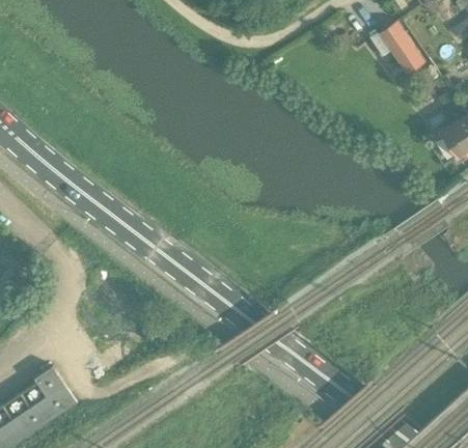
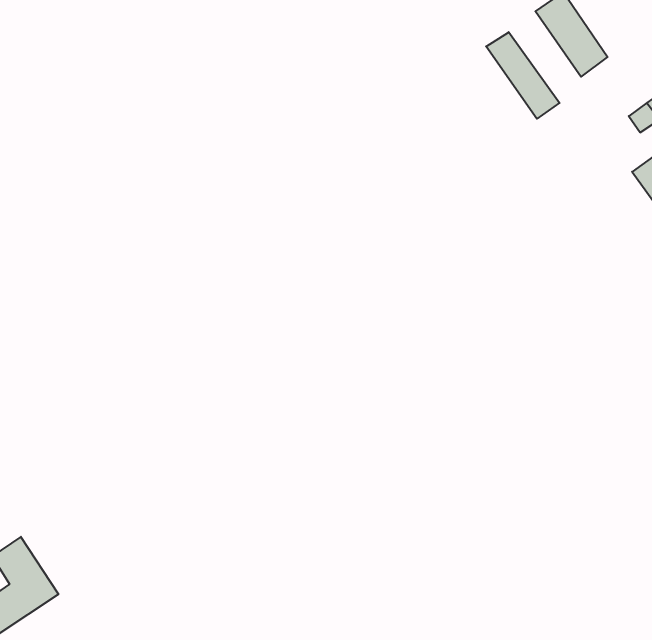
building: none -> [486,32,560,119]

